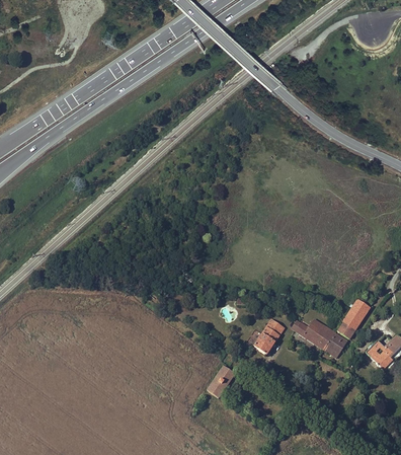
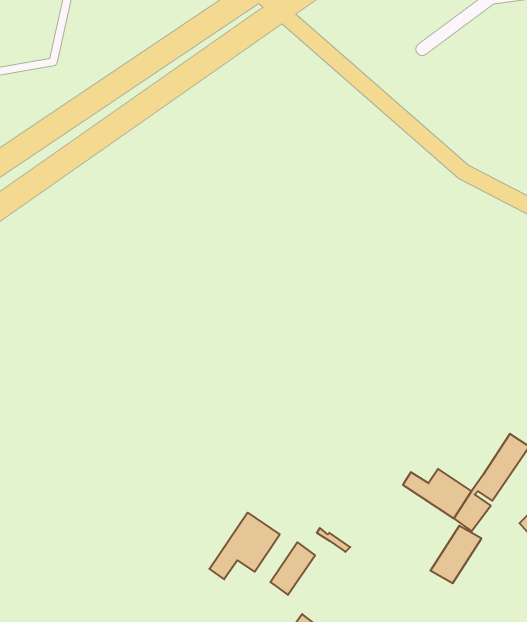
building: [253,318,286,355] -> [430,526,481,583]
building: none -> [209,513,280,579]

